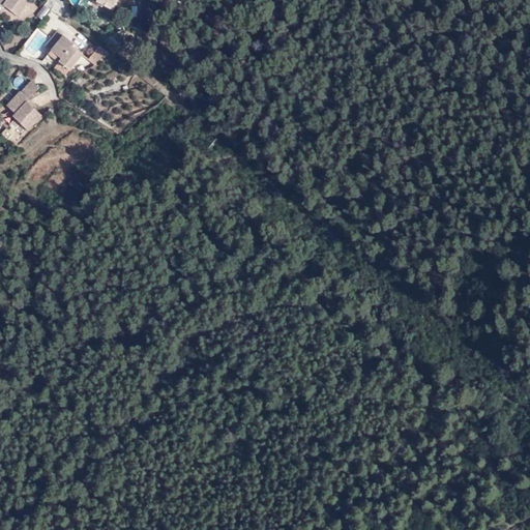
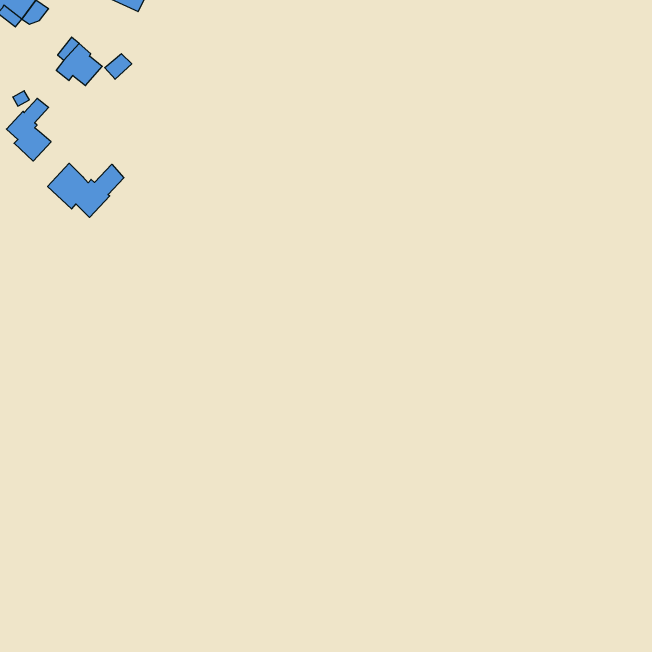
building: none -> [48,163,124,217]

